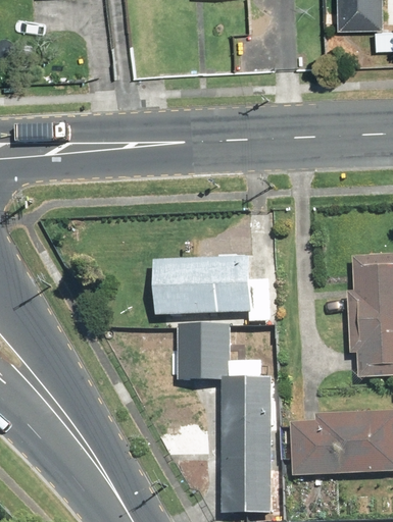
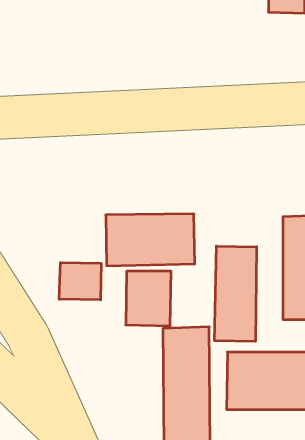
building: none -> [215,246,257,341]
building: none -> [59,263,101,300]

